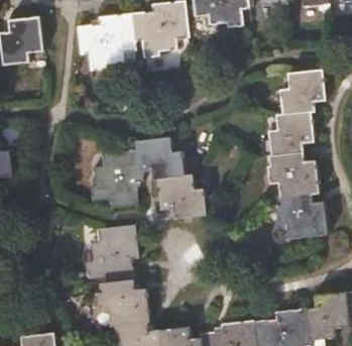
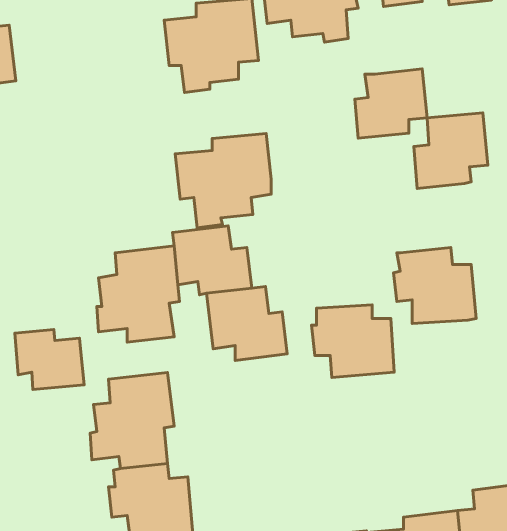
building: [78,14,135,71] -> [175,134,271,228]
building: [271,112,315,153] -> [355,69,427,138]
building: [277,194,327,237] -> [312,305,394,377]
building: none -> [15,330,84,390]

